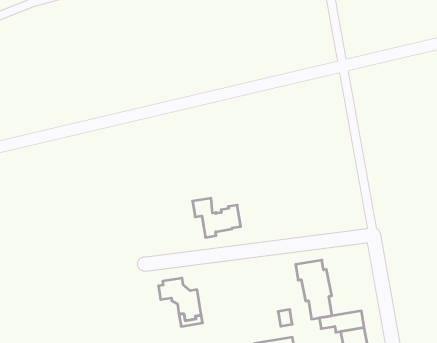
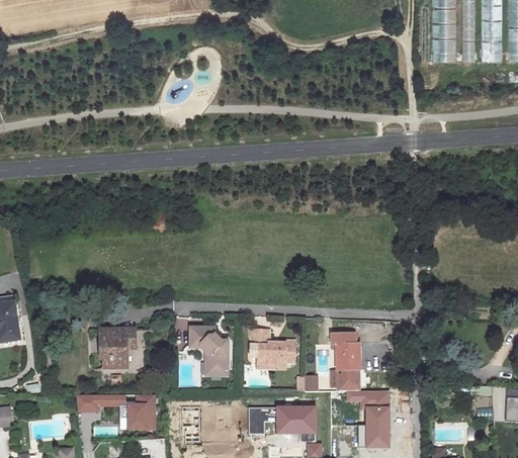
building: [192,198,241,237] -> [249,330,293,368]
building: none -> [99,329,134,367]

